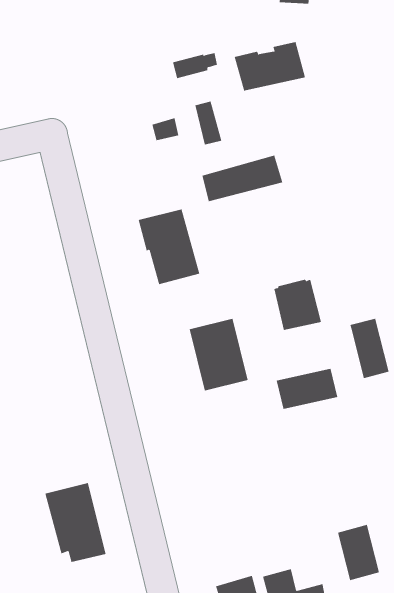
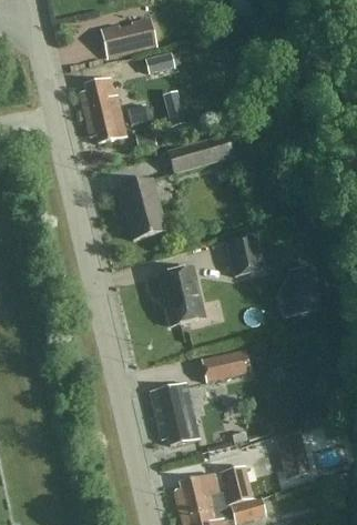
building: [234,41,306,91] -> [99,17,156,57]
building: none -> [80,77,125,142]
building: [276,368,338,410] -> [200,349,249,382]
building: [44,482,107,563] -> [149,381,198,445]

